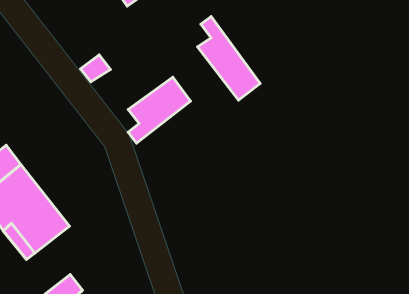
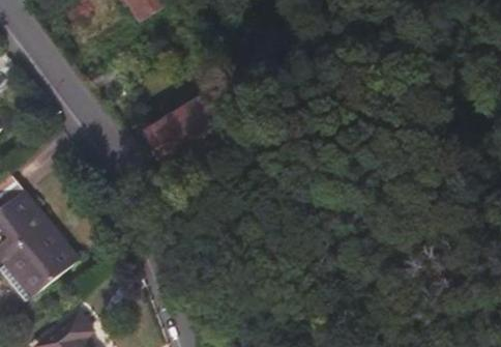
building: [198,16,260,100] -> none

